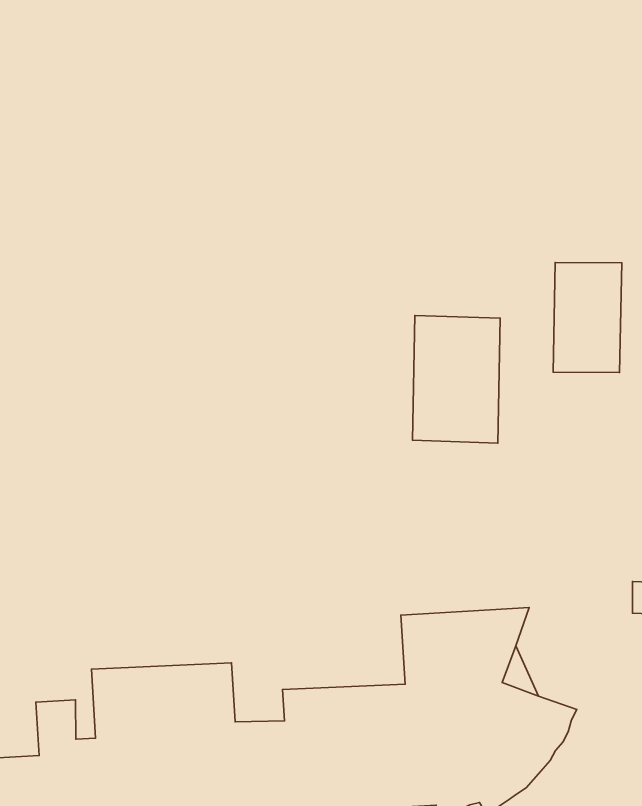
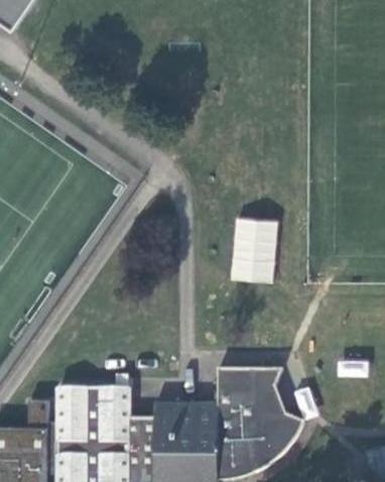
building: [553,262,622,372] -> none

